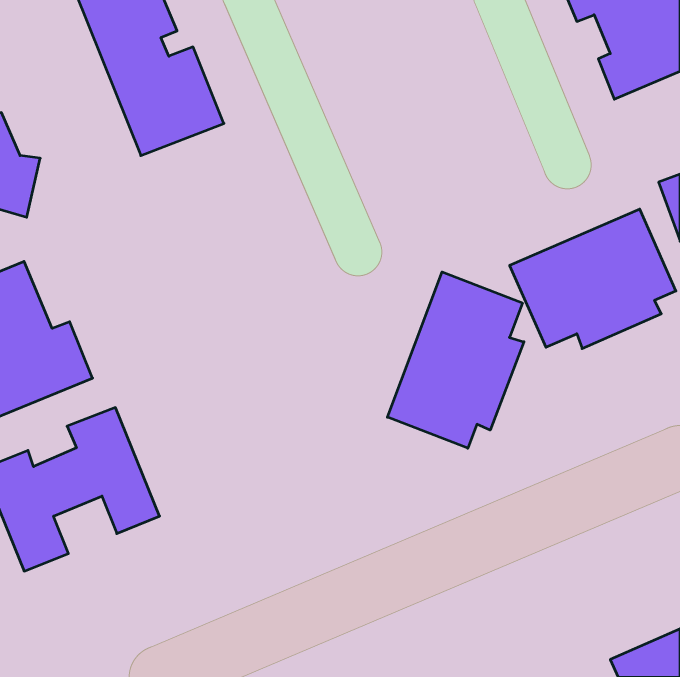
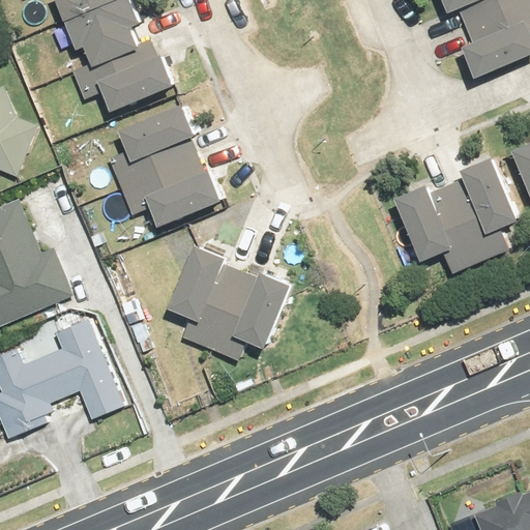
building: none -> [107,111,218,232]
building: [387,272,524,448] -> none
building: none -> [171,243,295,361]

